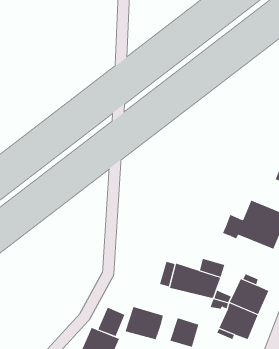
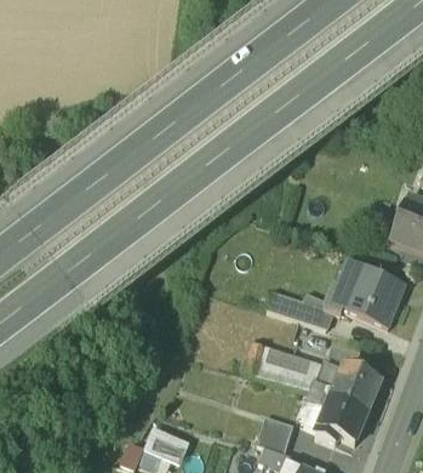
building: none -> [264,291,331,327]
building: [125,306,164,340] -> none
building: [98,307,125,337] -> none

